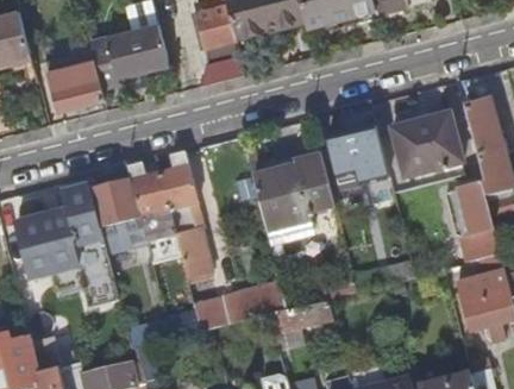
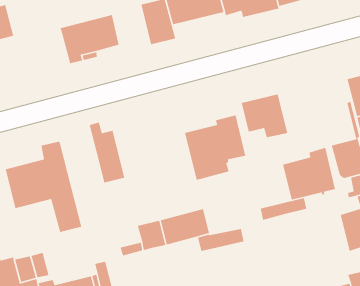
building: [46,48,105,108] -> none
building: [390,106,460,176] -> [282,147,336,200]
building: [159,150,213,272] -> none
building: [90,180,146,249] -> none

